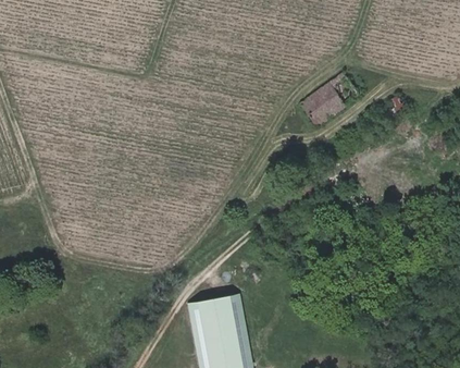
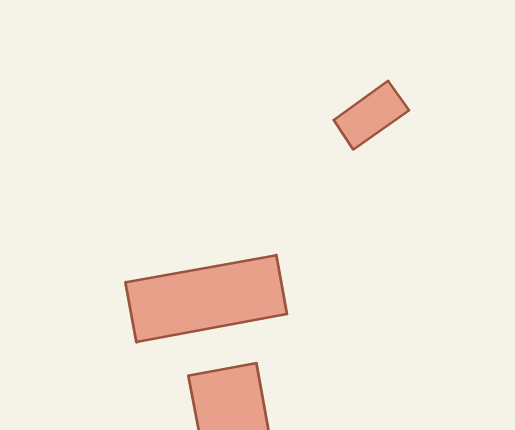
building: none -> [126,255,287,342]

